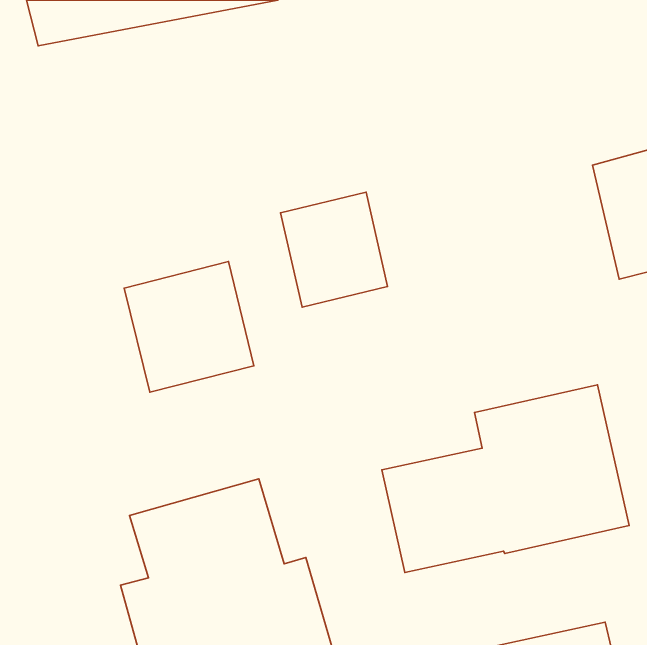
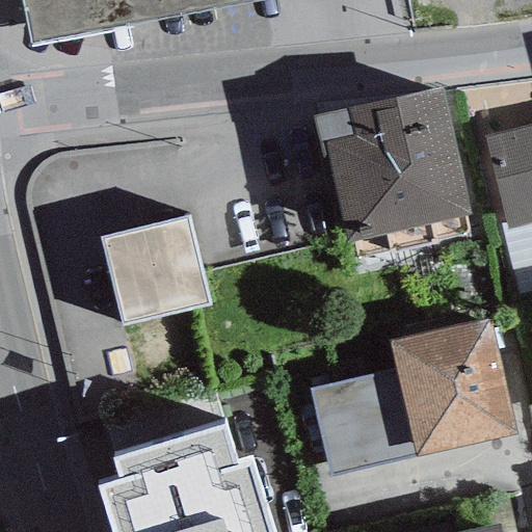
building: none -> [314,85,471,241]
building: [281,192,388,307] -> none

